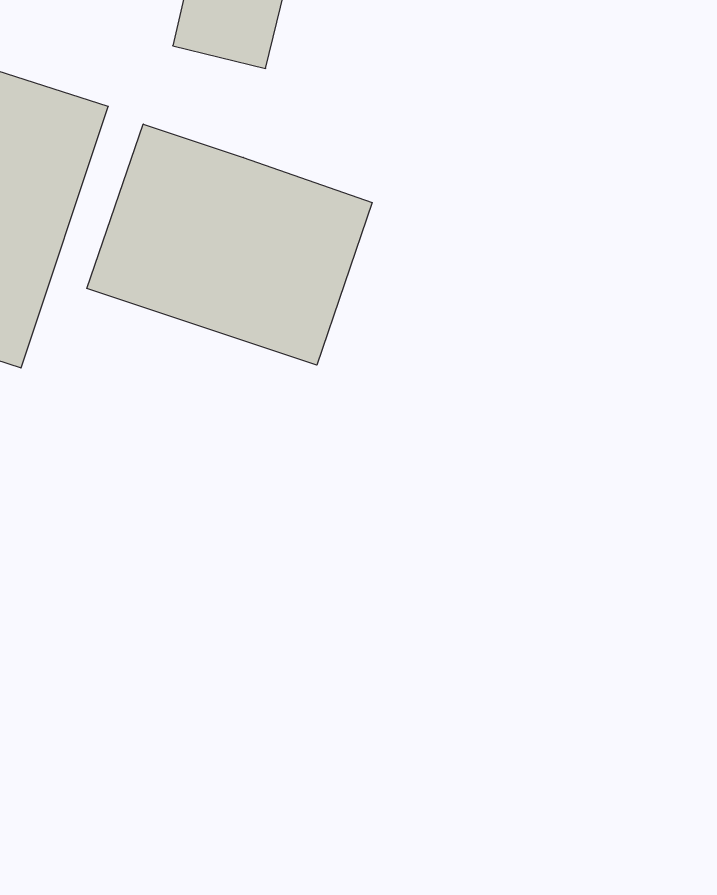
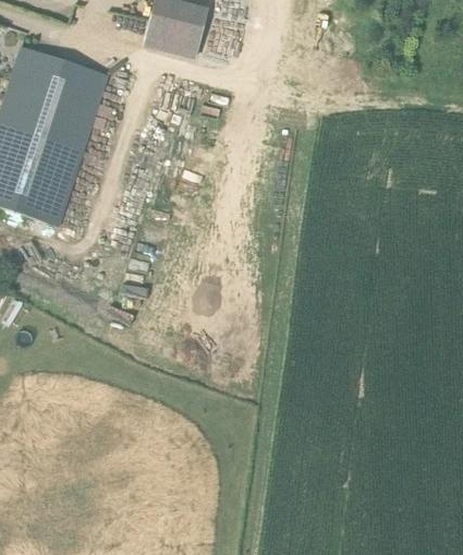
building: [87,124,372,365] -> none

